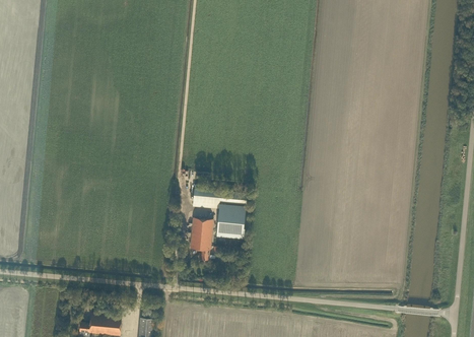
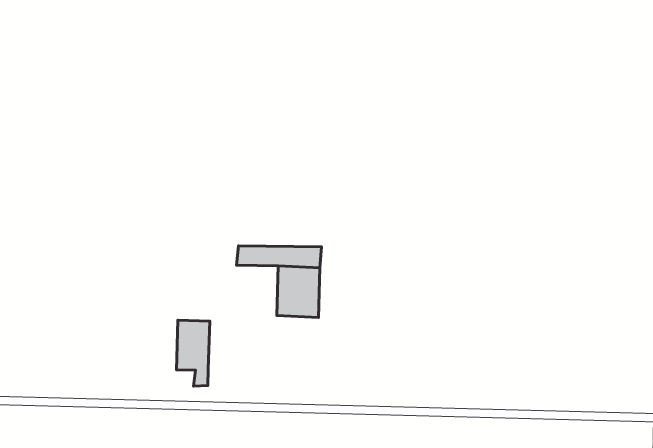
building: [190,219,213,262] -> [176,320,210,386]

